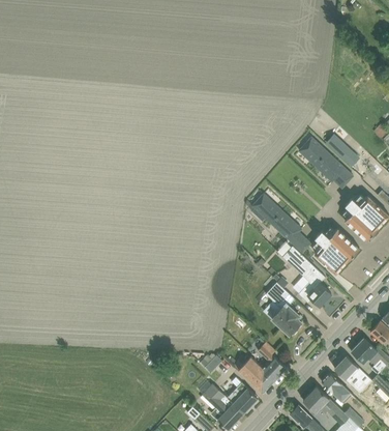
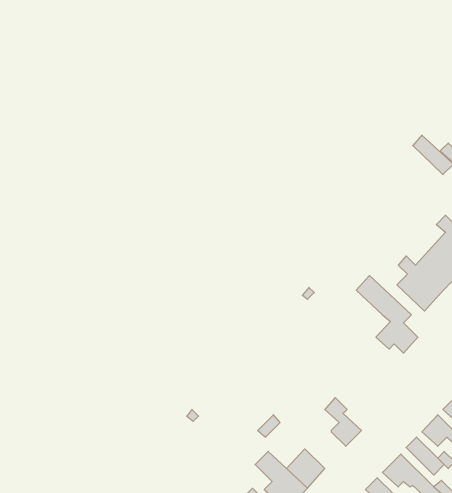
building: [298,138,352,188] -> none
building: [251,194,310,253] -> none
building: [265,282,301,335] -> none
building: [233,356,273,393] -> none

